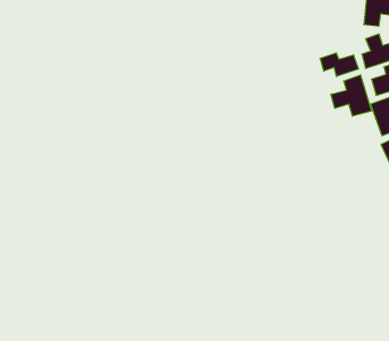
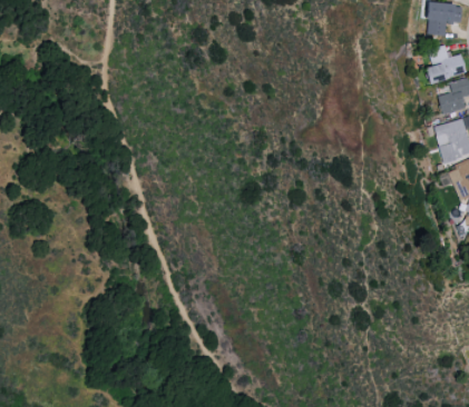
building: [320,53,358,77] -> none
building: [331,75,372,116] -> none

